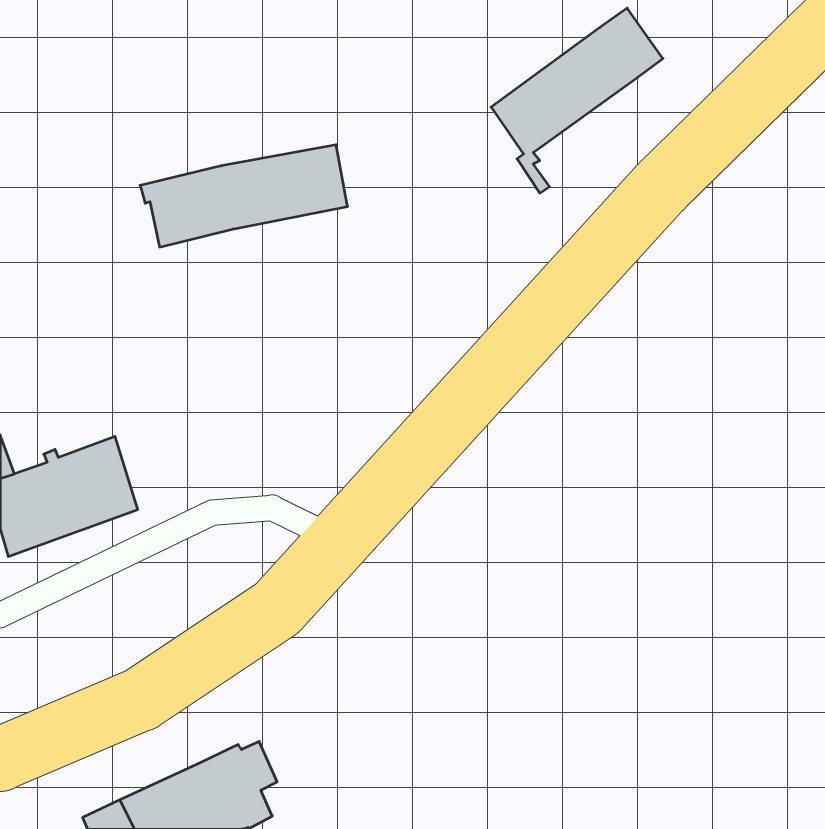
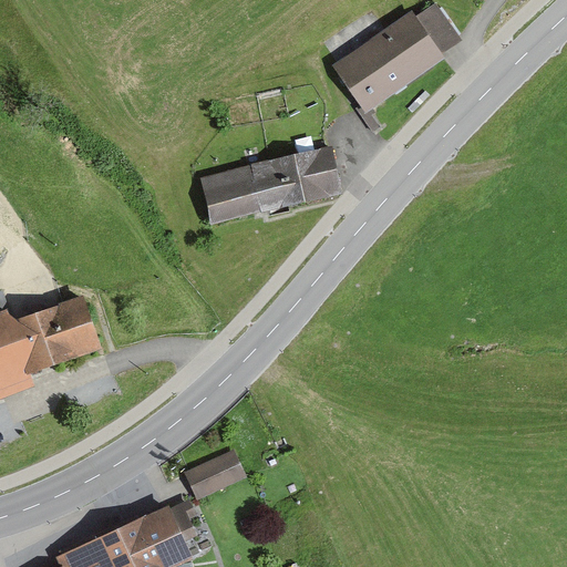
building: [140,145,348,247] -> [196,150,338,219]
building: none -> [188,454,240,495]

